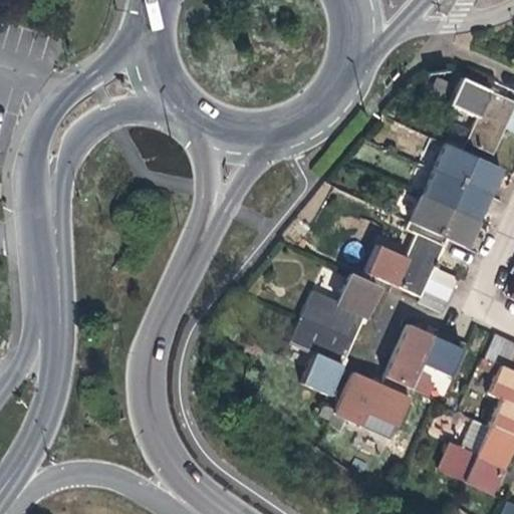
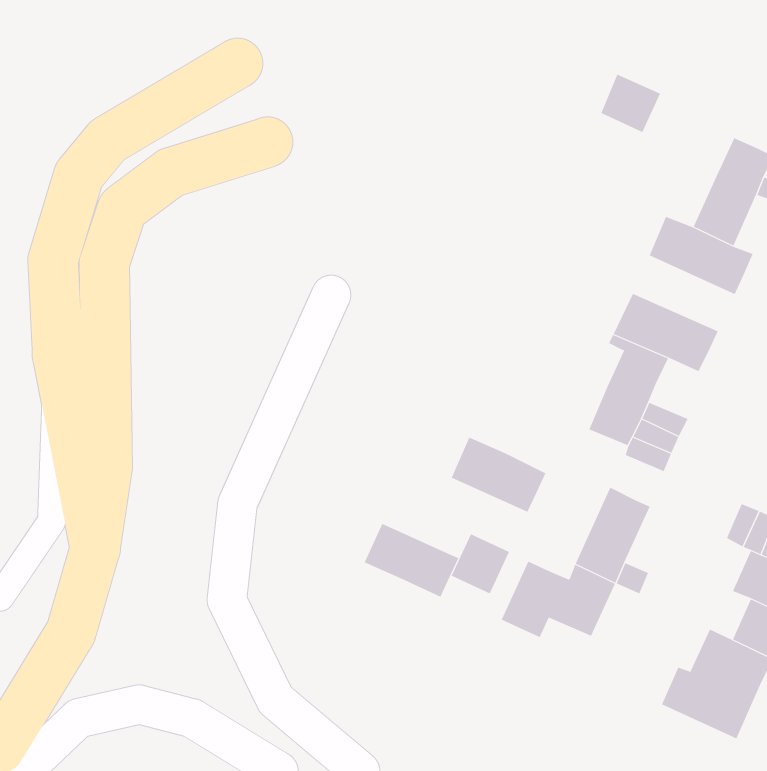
building: [451,78,491,117] -> [600,74,661,133]
building: [424,170,492,220] -> none
building: [367,245,407,285] -> none
building: [340,274,378,314] -> none
building: [291,317,354,366] -> [364,523,459,597]
building: [424,336,464,375] -> none

